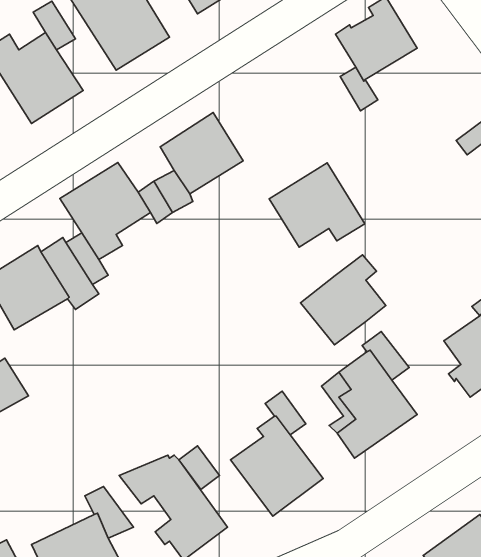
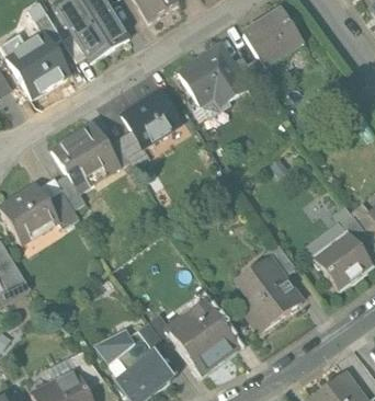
building: [269,163,365,247] -> [180,45,247,104]
building: [301,255,386,345] -> none

